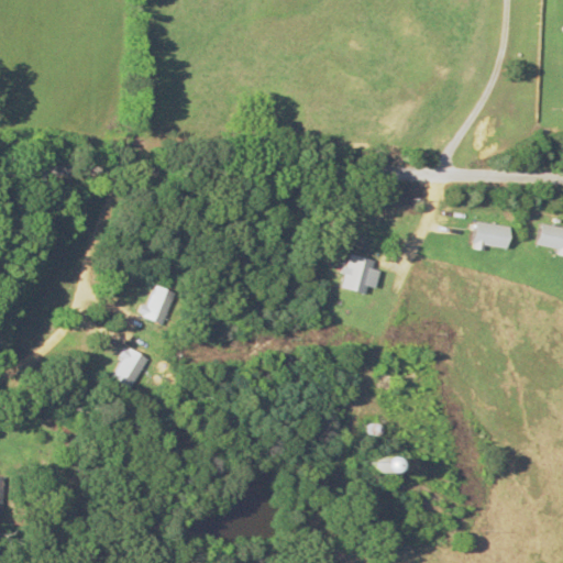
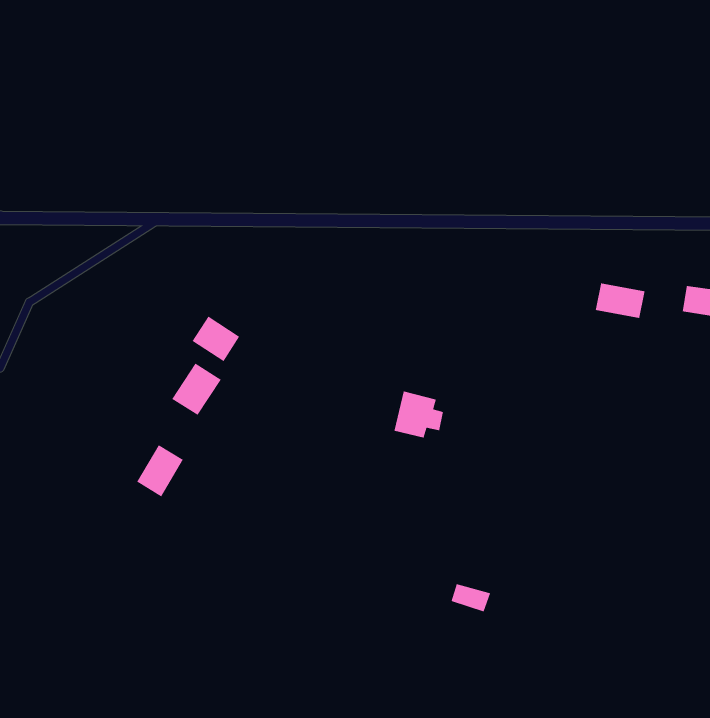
building: none -> [192,315,240,362]
building: [339,255,378,292] -> [393,391,444,438]

